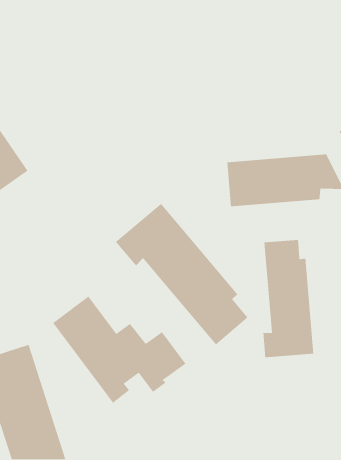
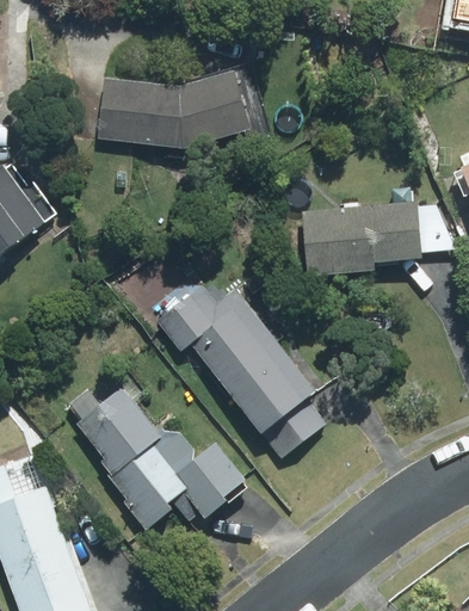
building: none -> [94,70,249,153]
building: [263,239,314,358] -> none

